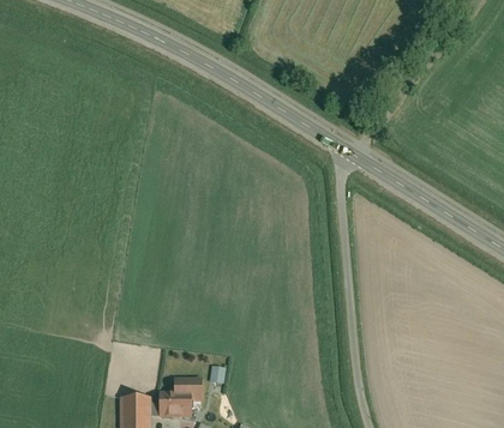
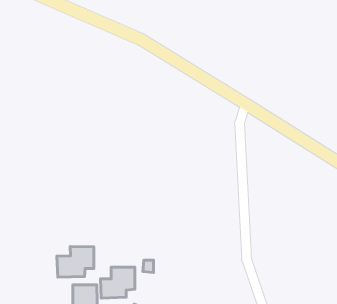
building: none -> [57,247,94,277]

